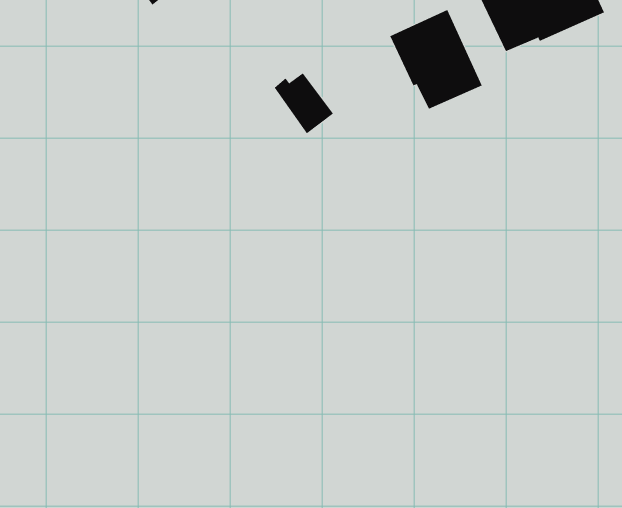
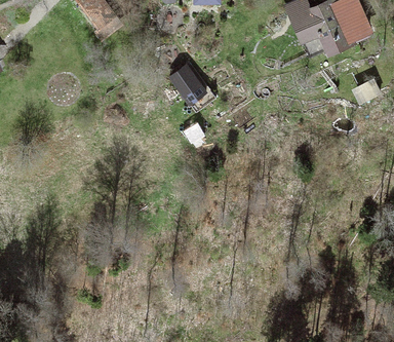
building: [389,9,482,110] -> none

